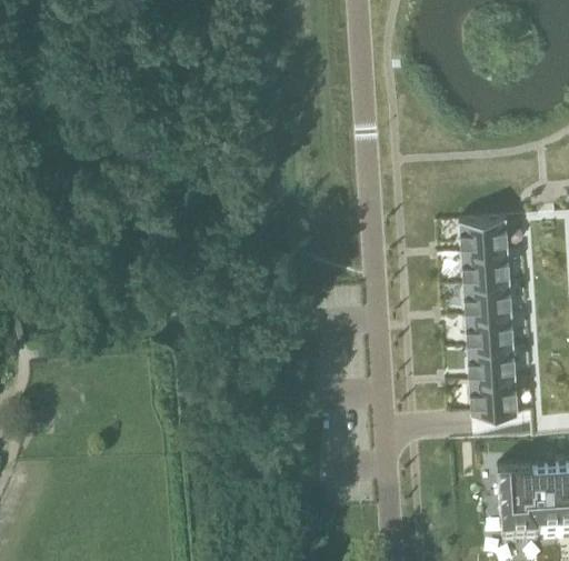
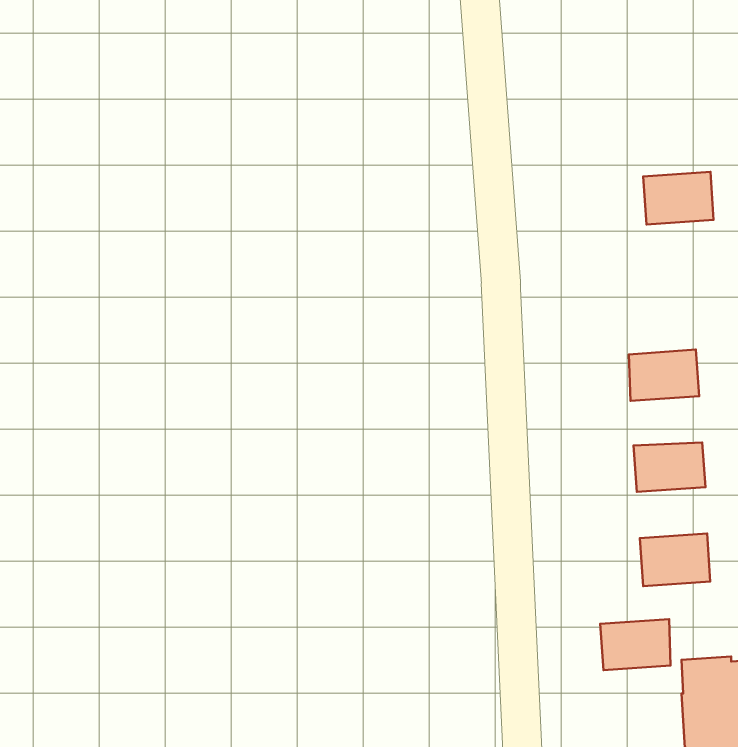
building: [459,217,508,253] -> [643,172,714,224]
building: [462,282,512,317] -> none
building: [467,345,516,381] -> [600,619,671,670]

